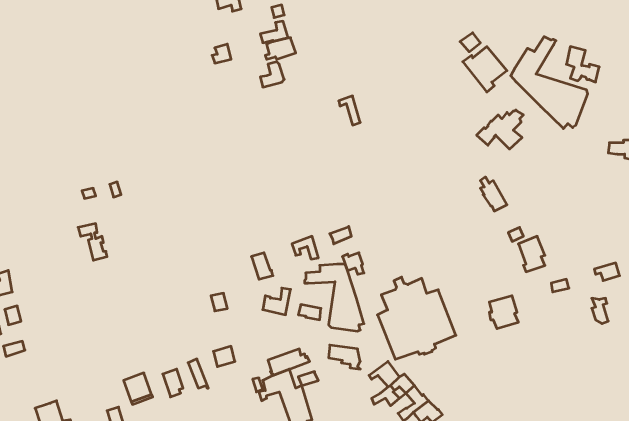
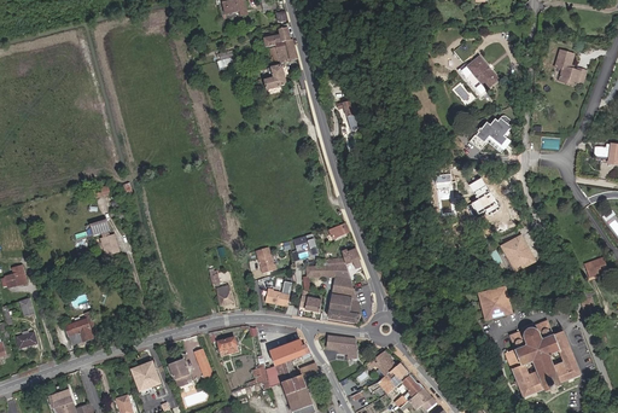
building: [511,37,588,129] -> none
building: [377,277,456,359] -> [505,319,579,397]
building: none -> [63,316,95,344]

